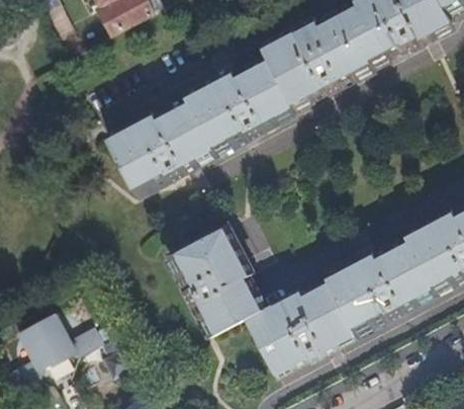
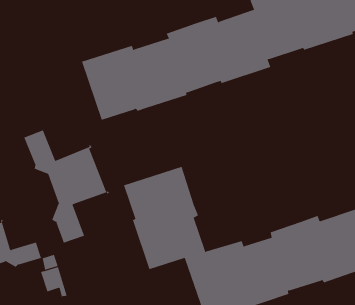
building: none -> [23,130,109,244]

